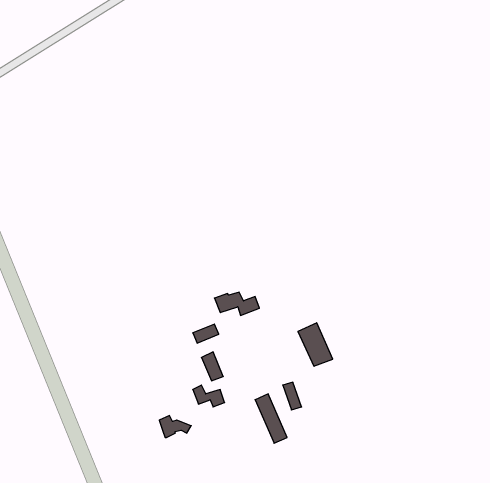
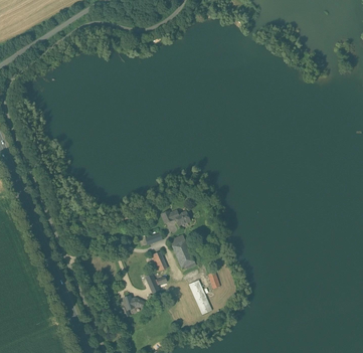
building: [298,323,333,366] -> [171,239,195,270]

